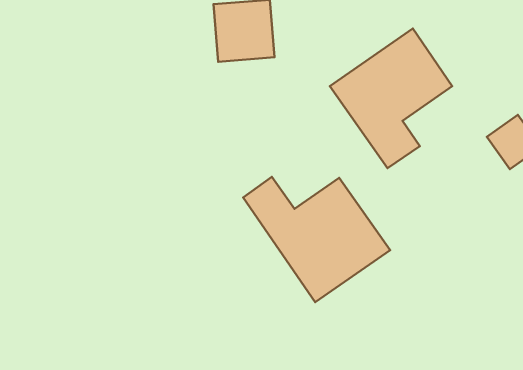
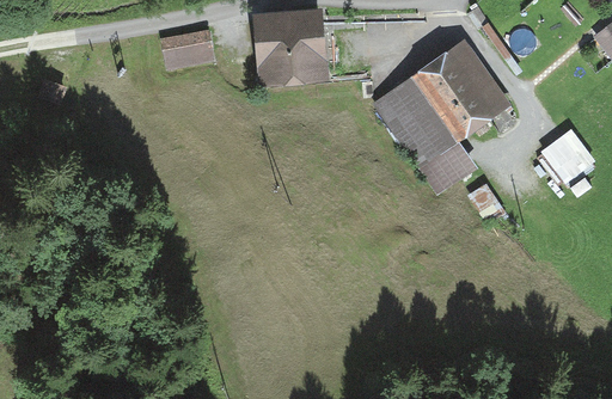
building: none -> [161,29,210,65]
building: [243,177,390,302] -> none

